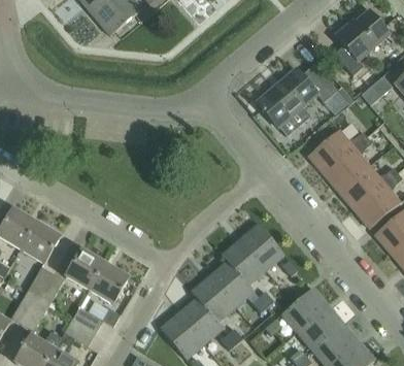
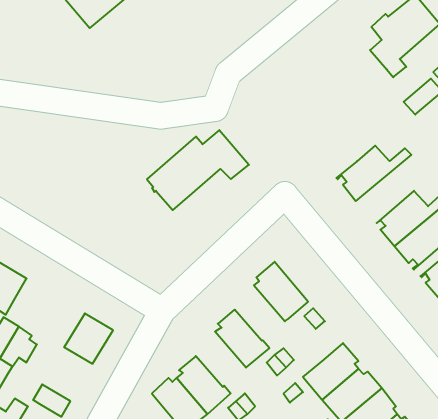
building: [257,62,338,126] -> [147,130,249,210]
building: [323,136,372,191] -> none
building: [221,240,266,285] -> none
building: [65,247,106,290] -> none
building: [190,277,235,322] -> none
building: [72,305,120,333] -> none

